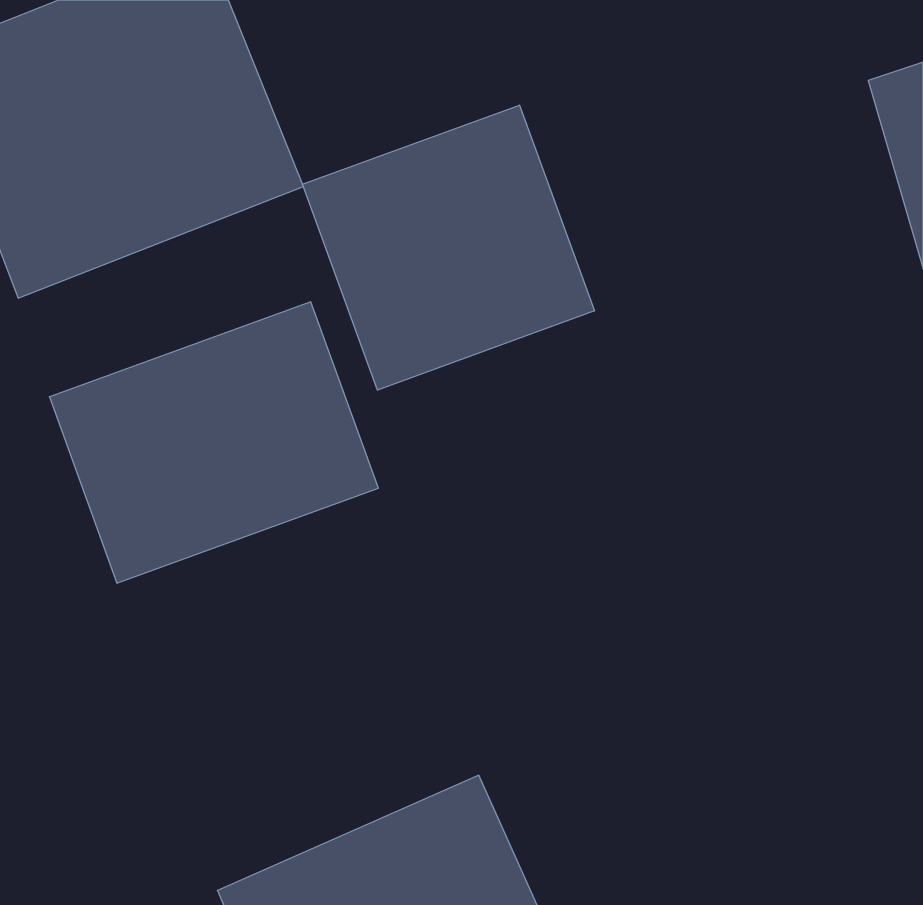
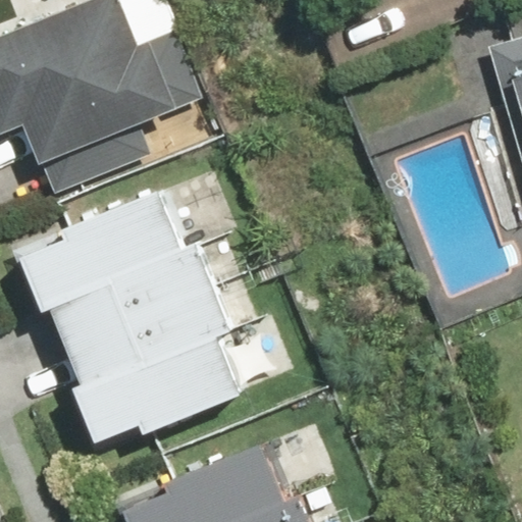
building: [303,105,594,390] -> none
building: none -> [65,289,249,445]

